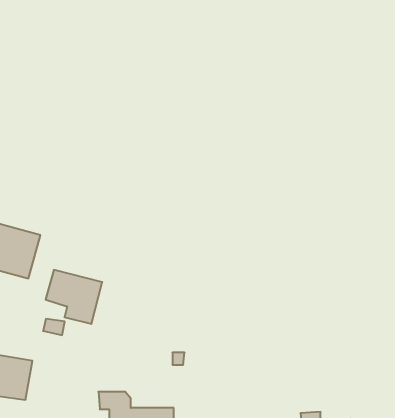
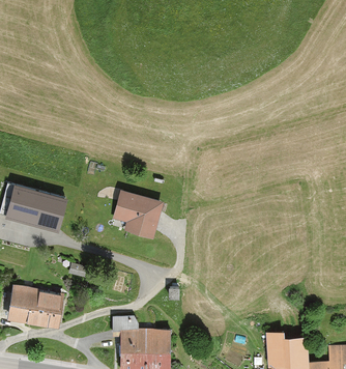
building: [46,270,102,324] -> [114,191,157,232]

